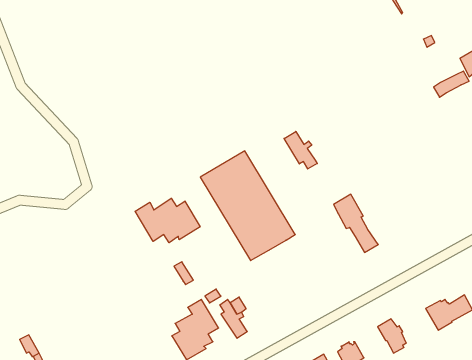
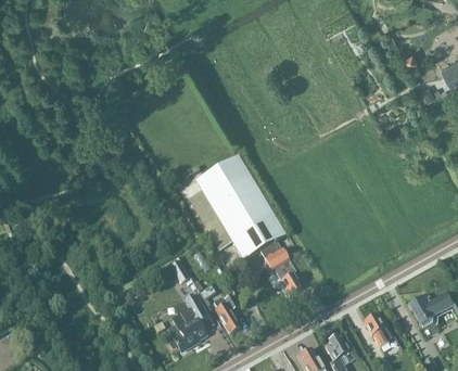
building: [284,131,317,169] -> none
building: [334,194,378,252] -> [260,240,303,295]
building: [135,198,200,243] -> none

